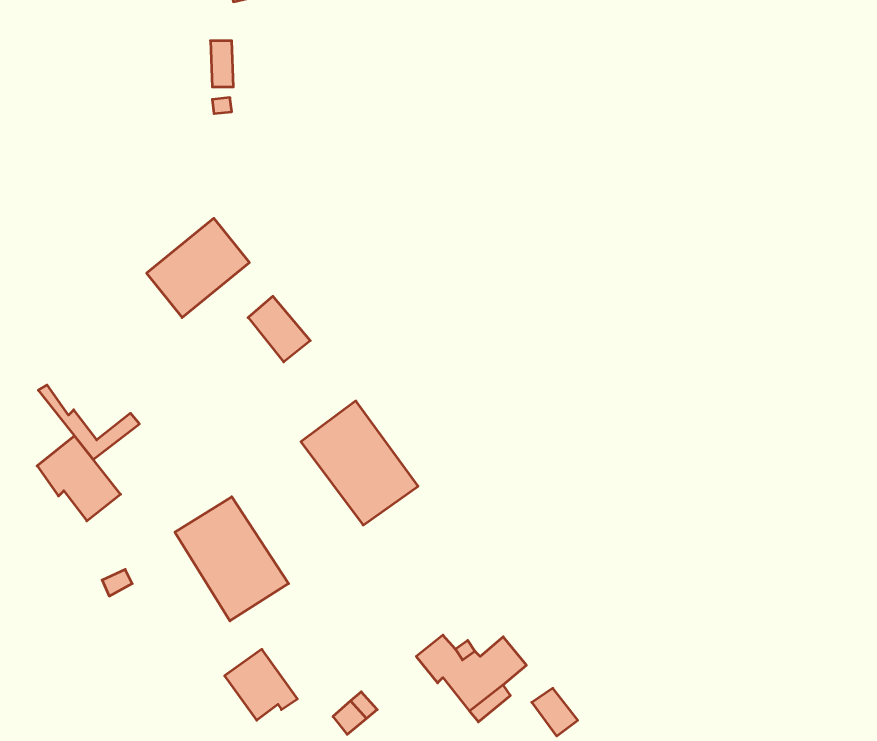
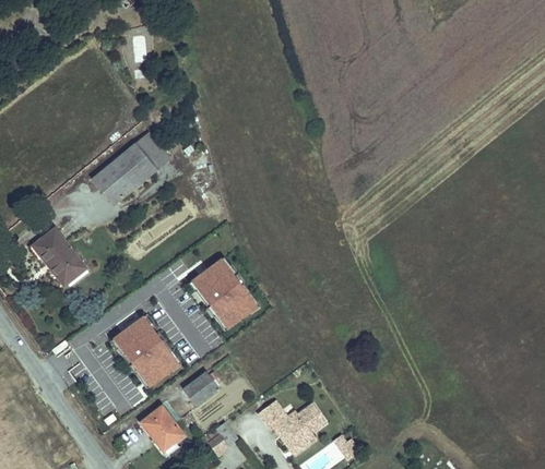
building: [248,296,310,362] -> [133,130,171,170]
building: [37,436,121,521] -> [31,227,82,279]
building: none -> [181,375,216,409]

